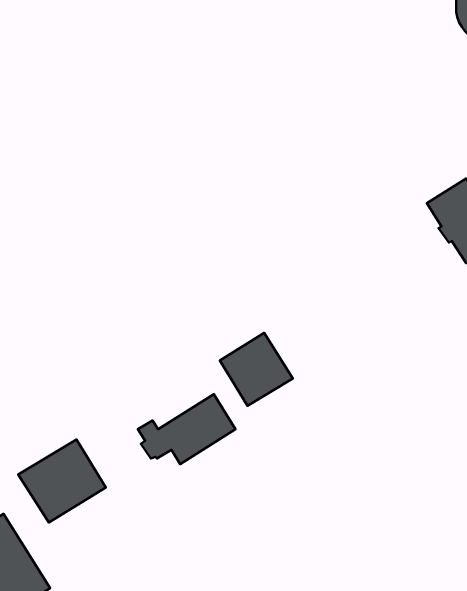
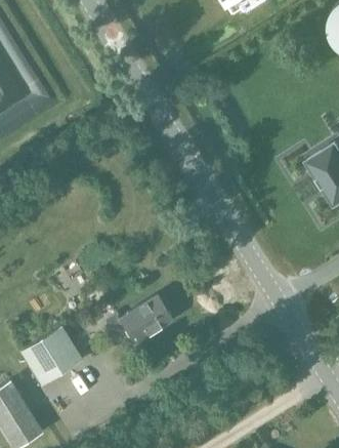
building: [220,333,293,406] -> none

